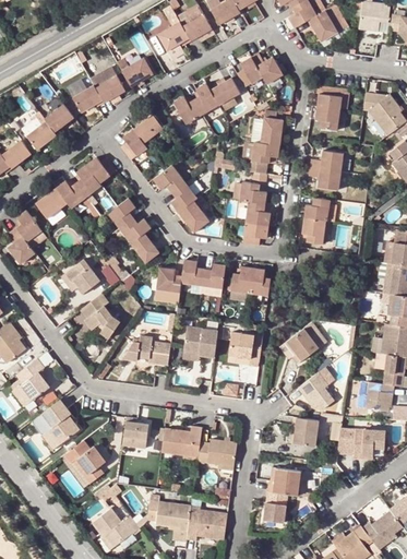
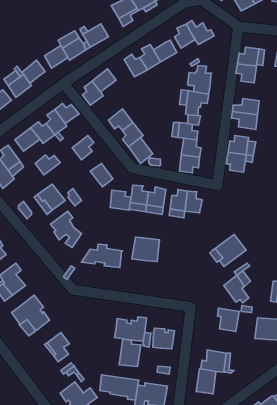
building: [119,217,151,242] -> [35,155,60,175]
building: [227,332,262,367] -> none
building: [121,416,148,451] -> [119,339,141,367]

